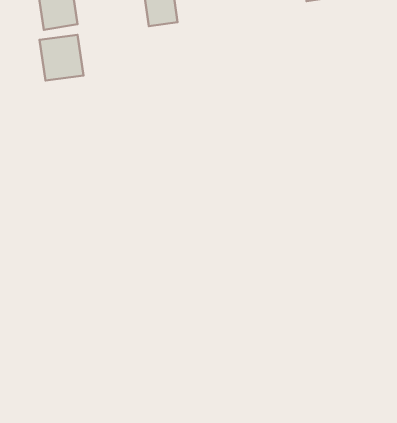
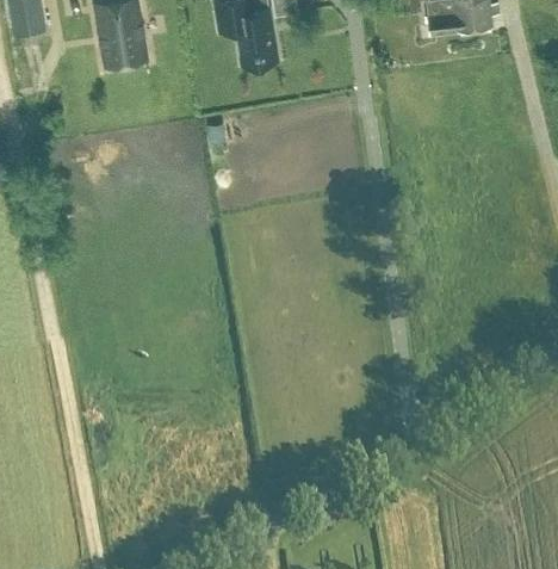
building: [39,35,84,80] -> none

